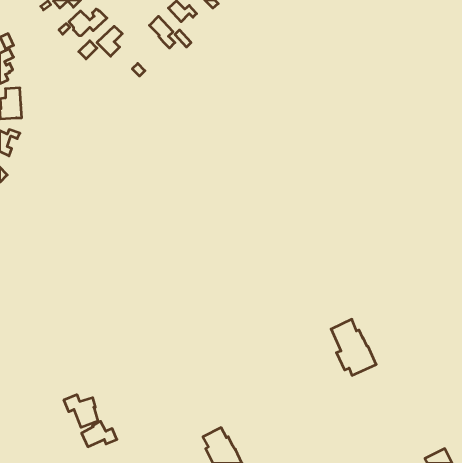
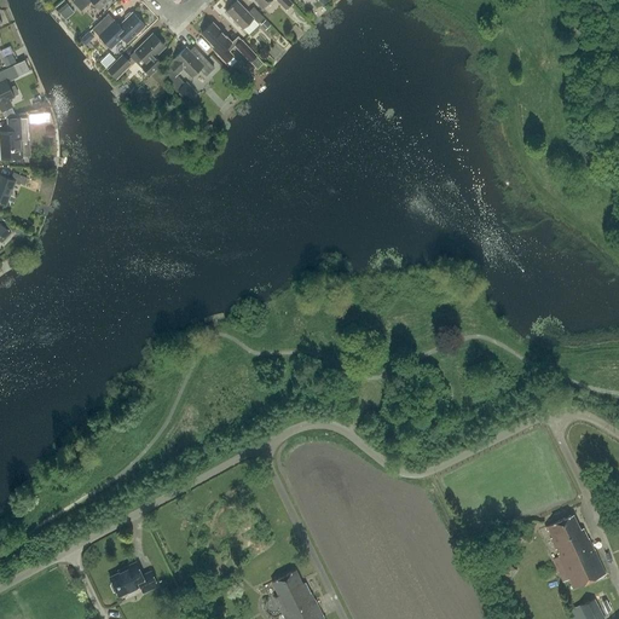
building: none -> [168,48,213,76]
building: [331,319,376,375] -> [544,514,604,589]
building: [64,395,98,427] -> none

